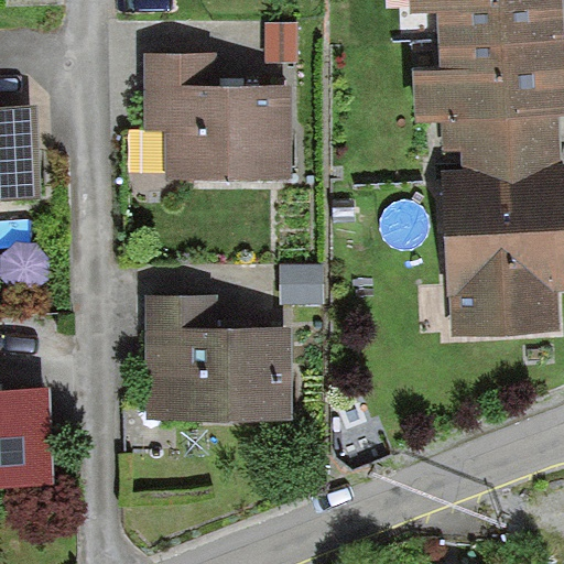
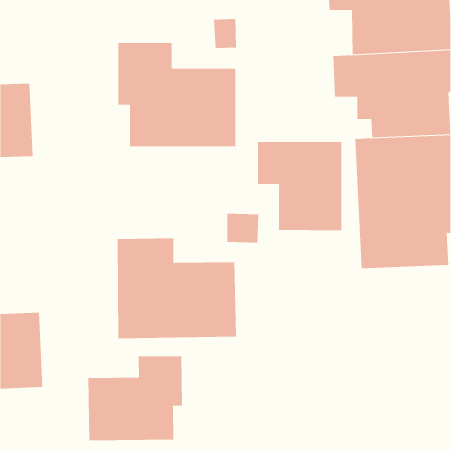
building: none -> [258,141,342,231]
building: none -> [88,355,183,441]

